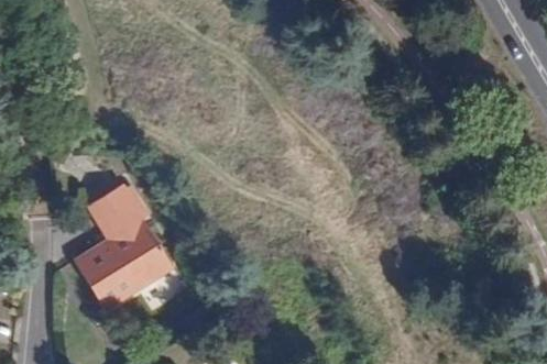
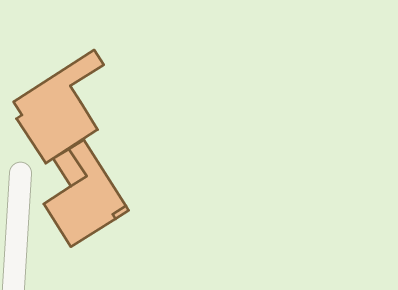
building: none -> [14,50,104,163]

